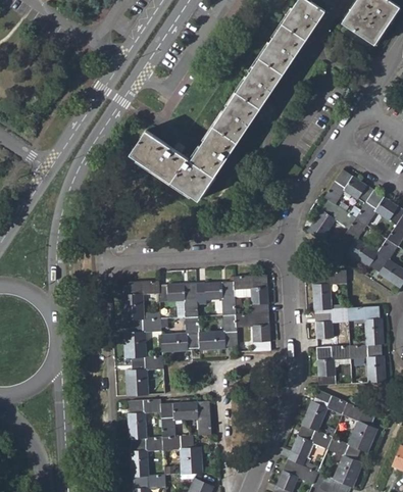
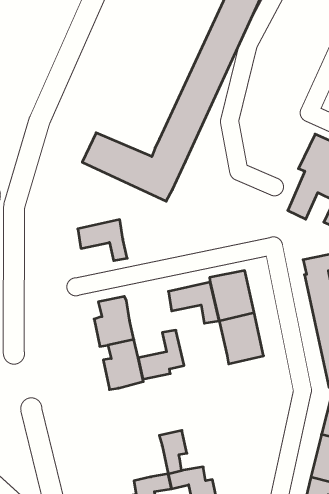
building: [151,280,190,314] -> [78,220,127,261]
building: [191,312,231,350] -> none
building: [125,354,164,395] -> none
building: [127,399,161,440] -> none
building: [181,401,211,437] -> none

